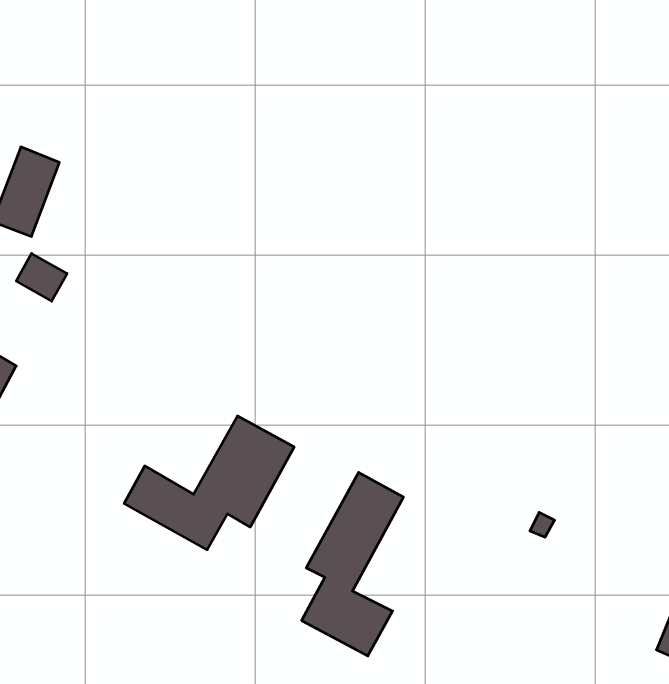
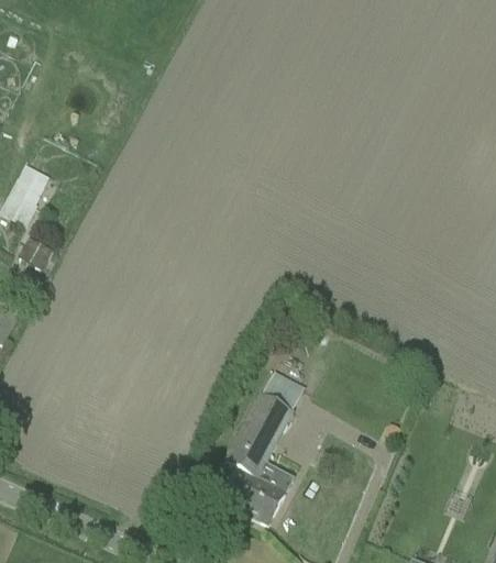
building: [124,416,294,550] -> none

